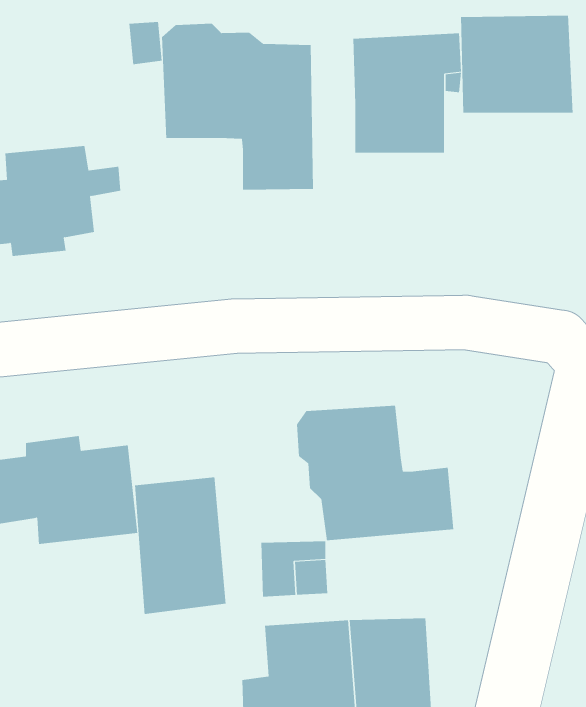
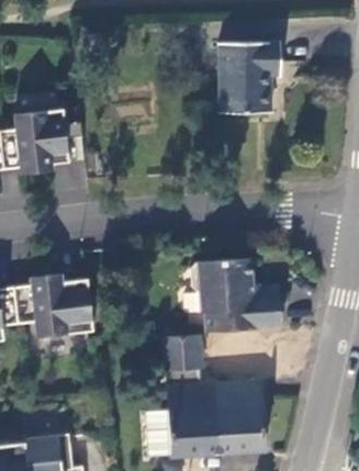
building: [460,15,573,113] -> none
building: [161,23,314,191] -> none
building: [134,477,226,615] -> none

